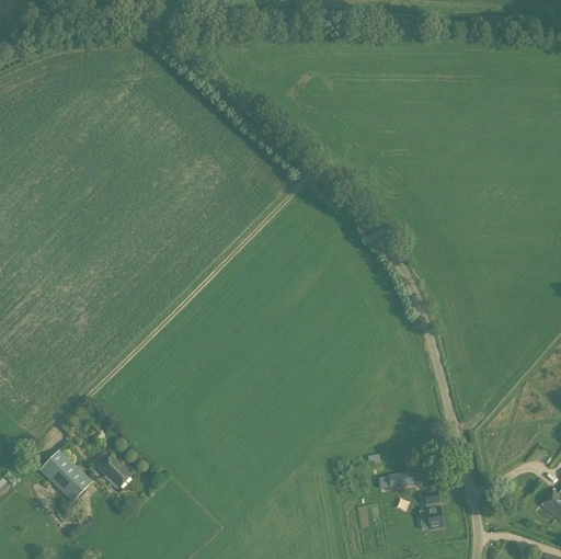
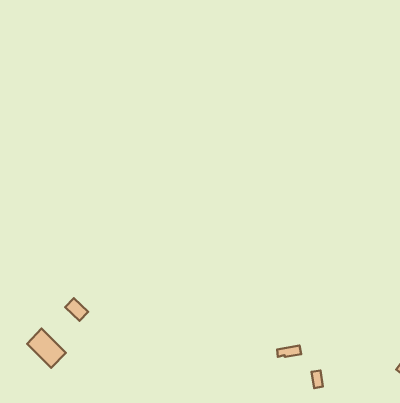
building: [99,456,130,487] -> [65,298,88,321]

